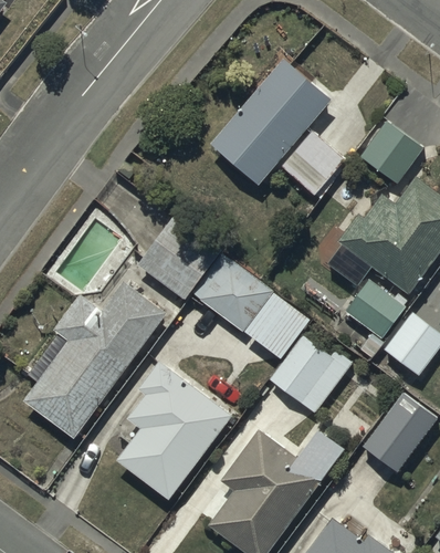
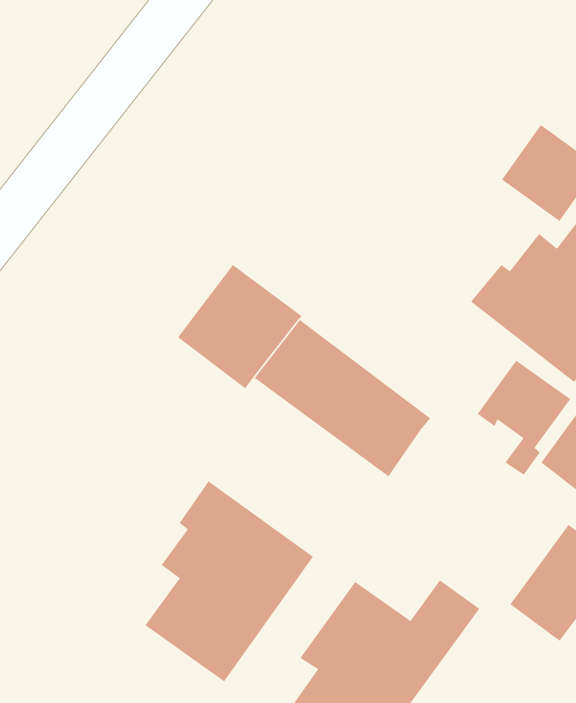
building: [210,58,332,184] -> none
building: [282,131,346,196] -> none
building: [24,283,165,437] -> none
building: [270,335,354,415] -> none

